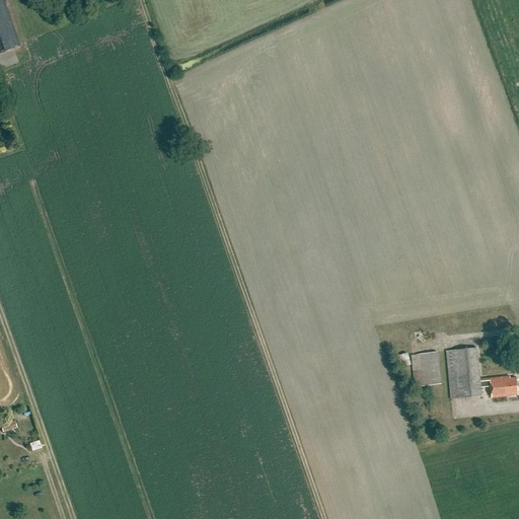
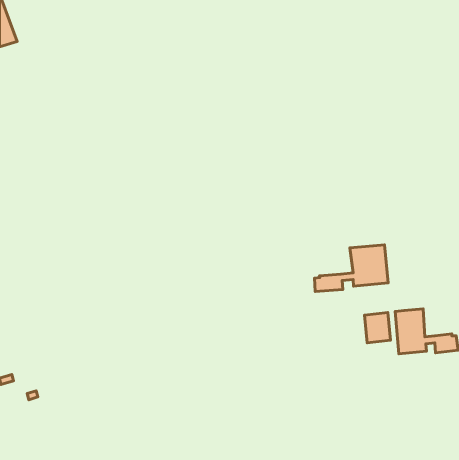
building: none -> [314,245,388,291]

